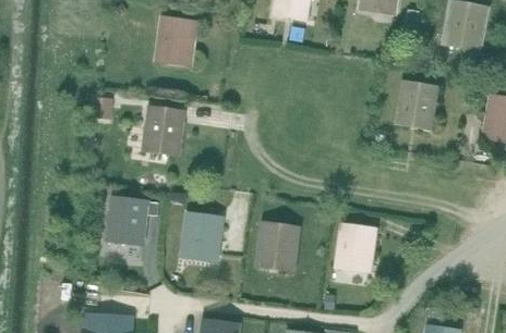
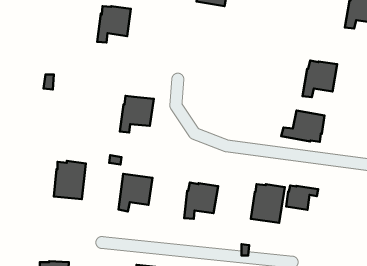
building: [144,109,183,151] -> [120,96,154,133]
building: none -> [281,111,324,142]
building: none -> [286,185,318,210]

